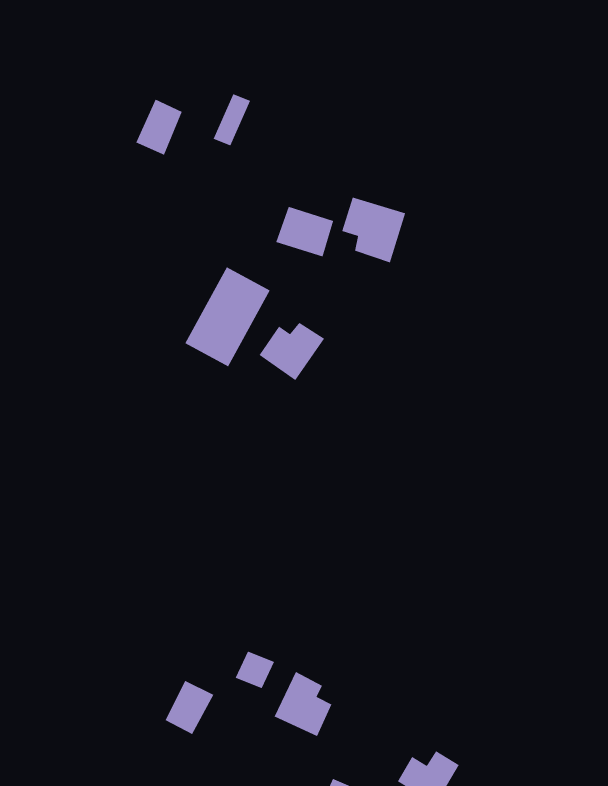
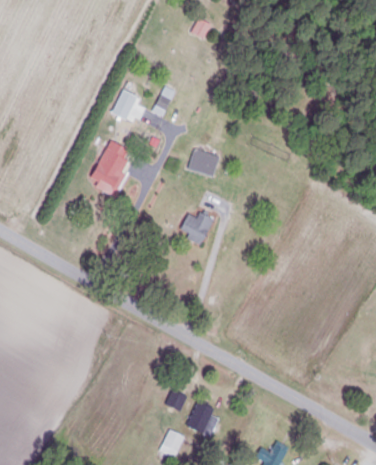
building: [341,196,406,263] -> none
building: [184,266,271,368] -> [88,140,135,195]
building: [165,680,214,735] -> [158,429,185,459]

